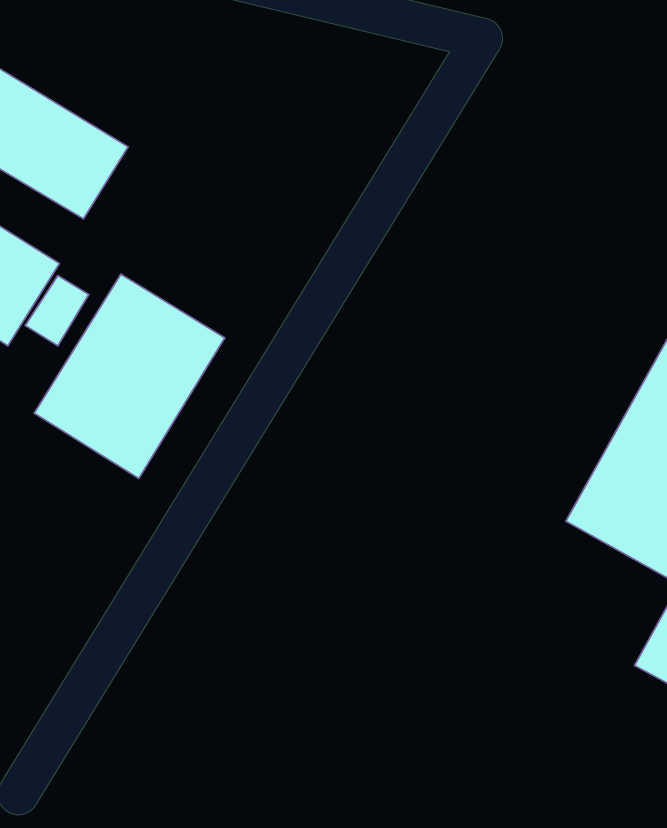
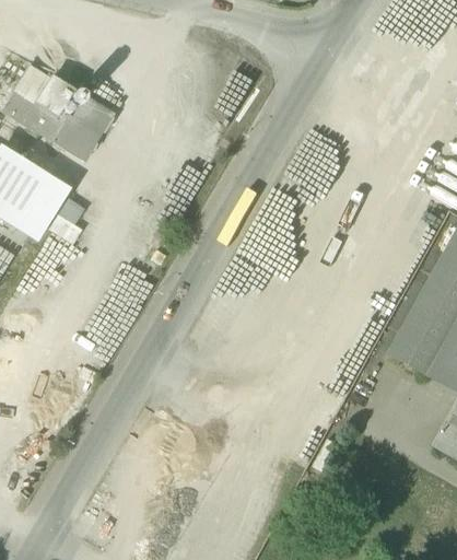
building: [34,274,225,479] -> none

